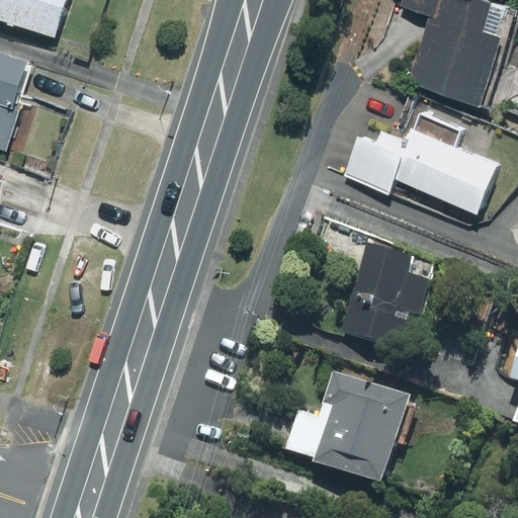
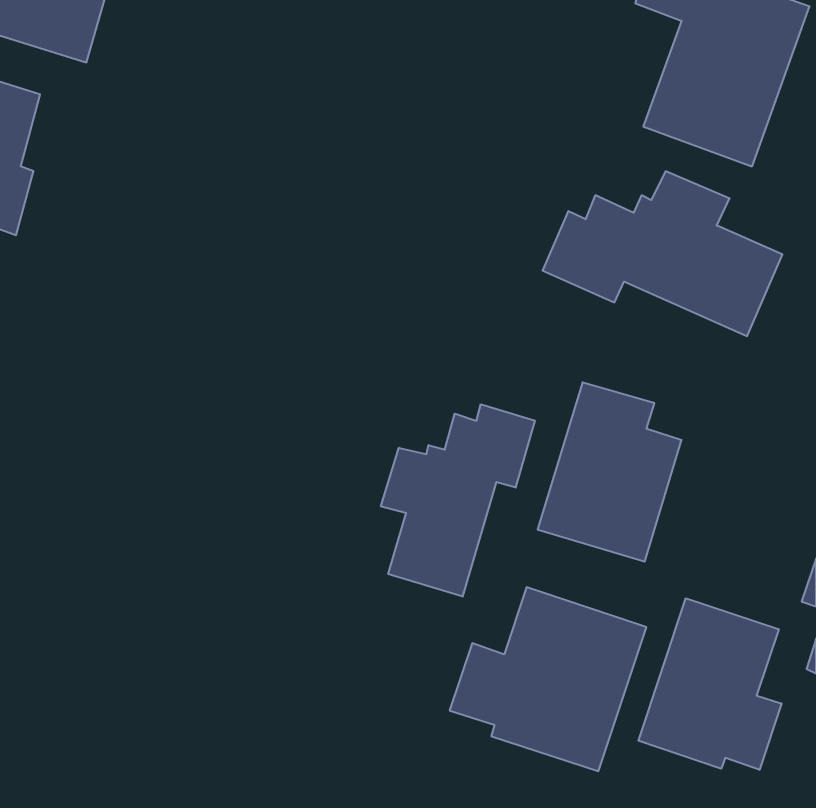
building: none -> [381,404,535,597]
building: none -> [638,598,782,770]

